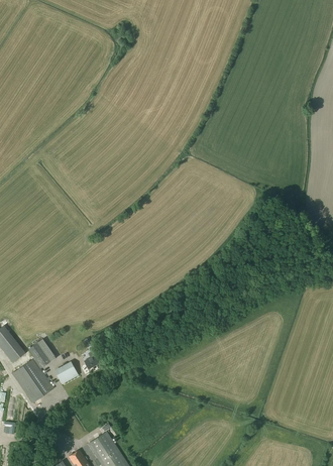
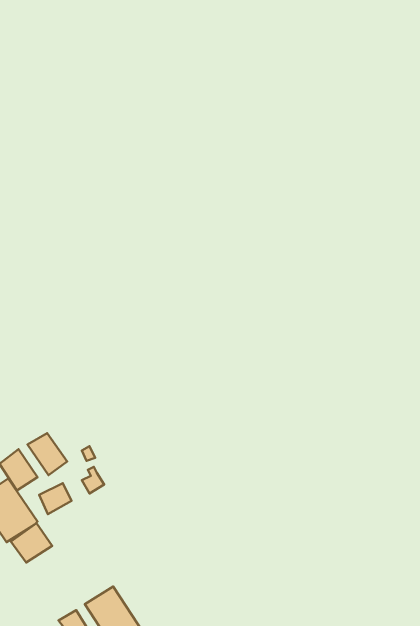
building: none -> [28,433,67,475]
building: none -> [11,523,52,563]

